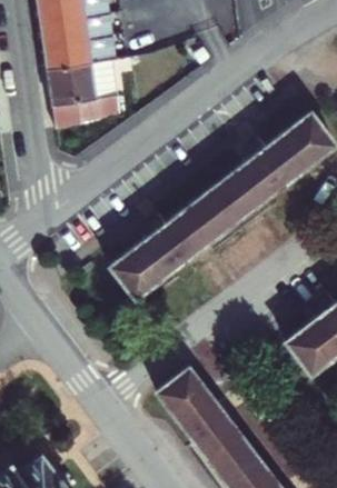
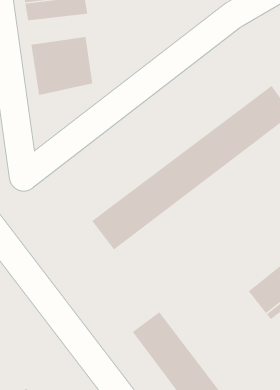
building: [42,33,112,67] -> none

